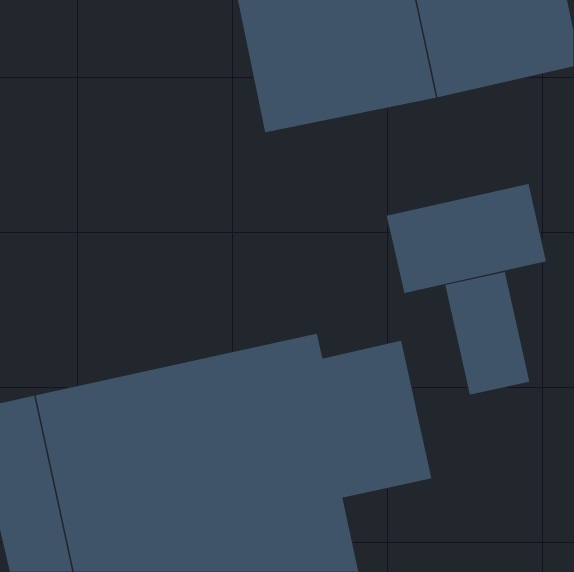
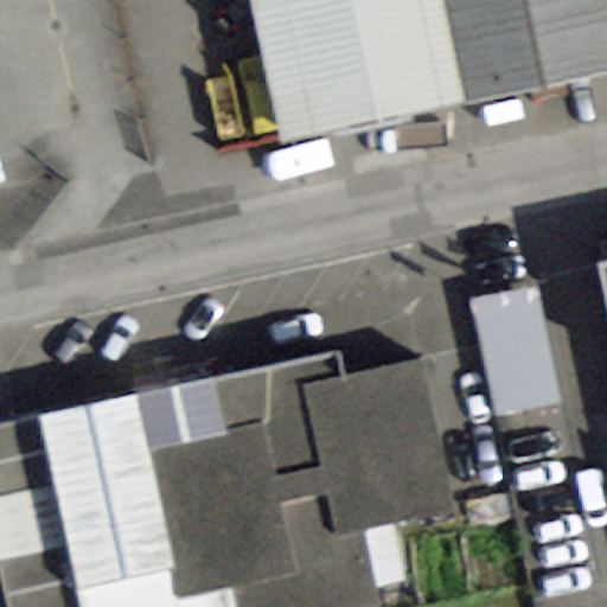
building: [386,183,547,294] -> none

